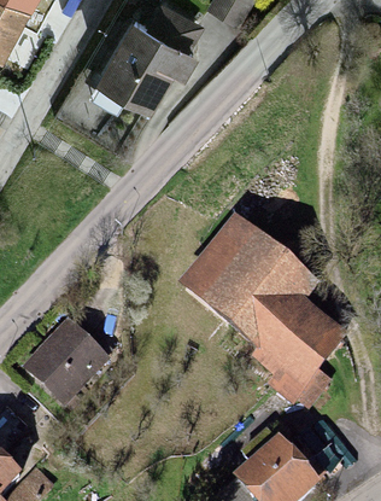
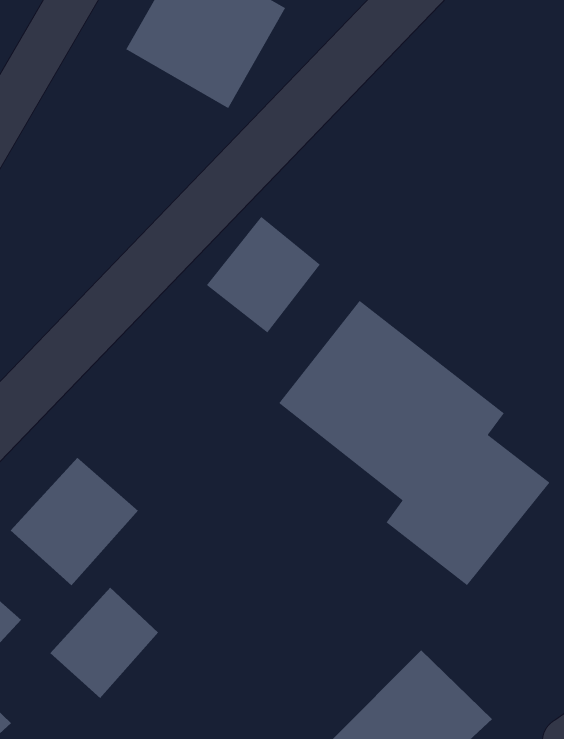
building: none -> [206,216,321,334]
building: none -> [50,587,159,699]

